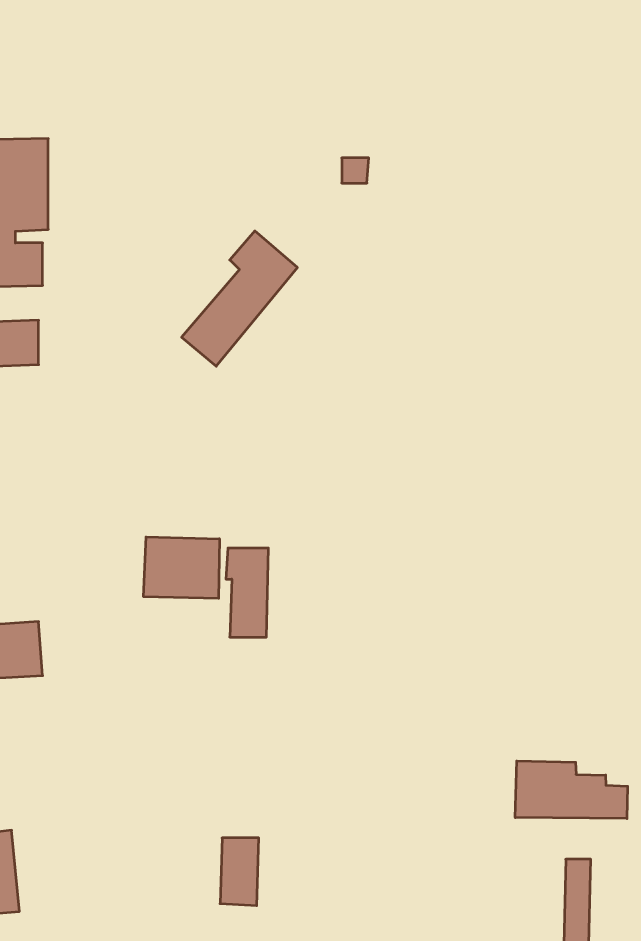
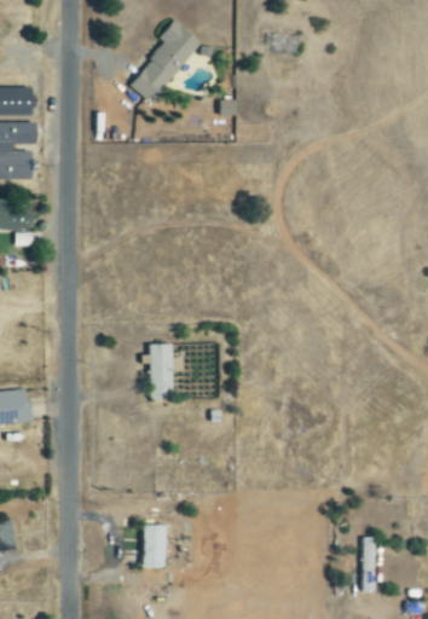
building: [182,231,297,366] -> [128,19,201,104]
building: [144,537,219,598] -> none
building: [515,761,628,819] -> none

